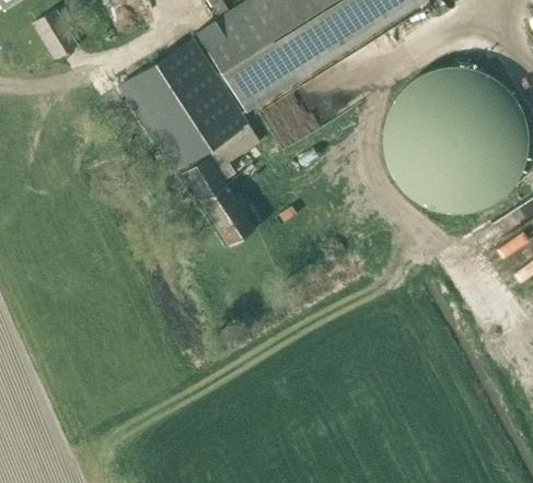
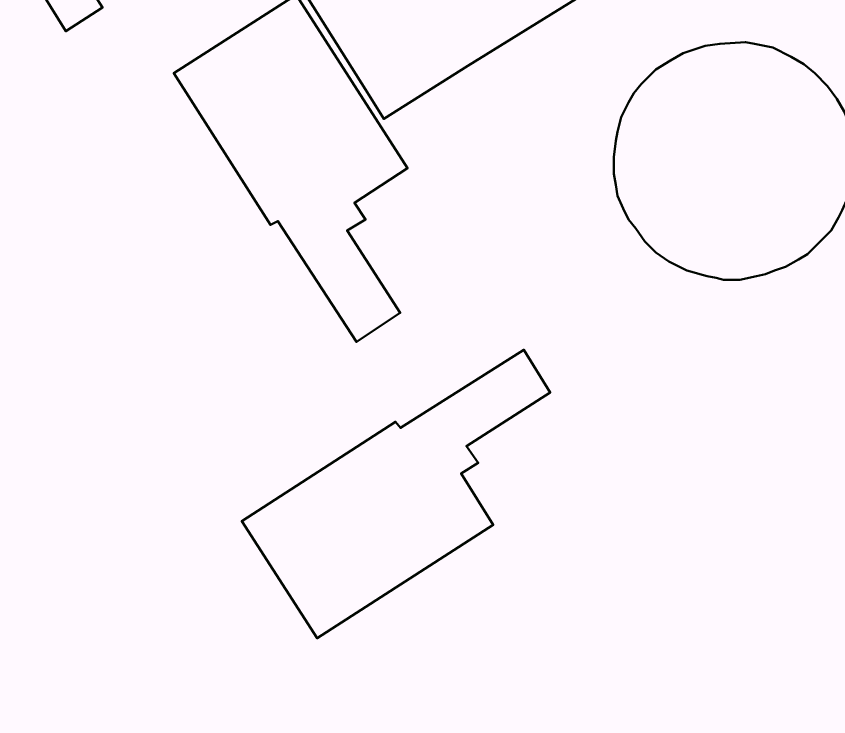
building: none -> [242,350,550,638]

